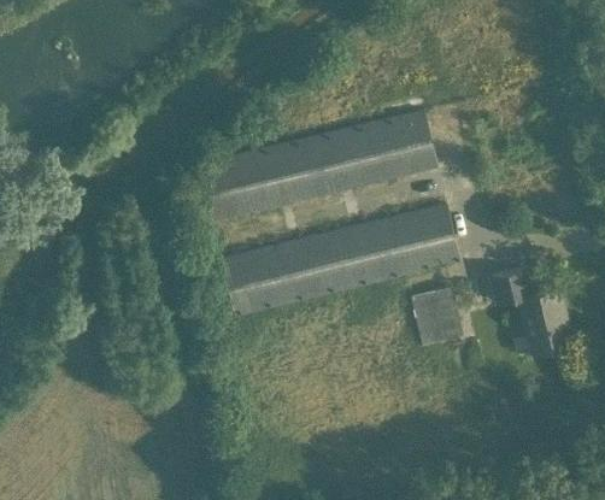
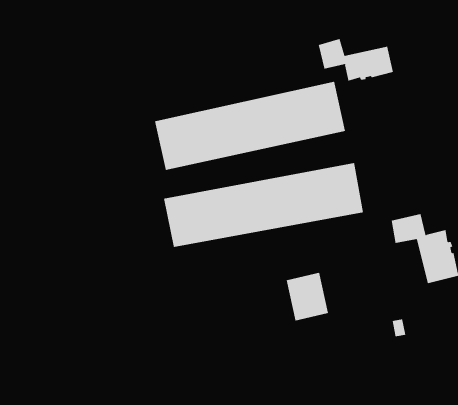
building: none -> [318,38,394,81]
building: [412,284,464,343] -> [286,272,329,321]

